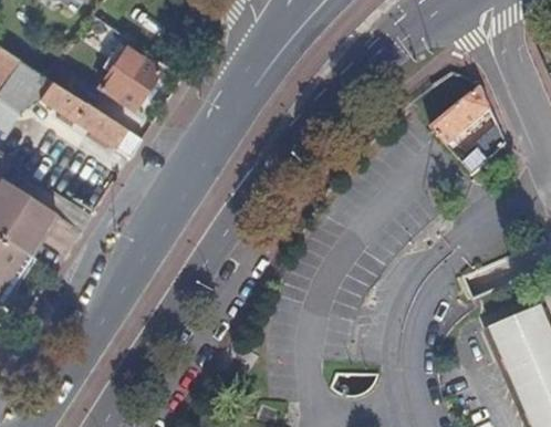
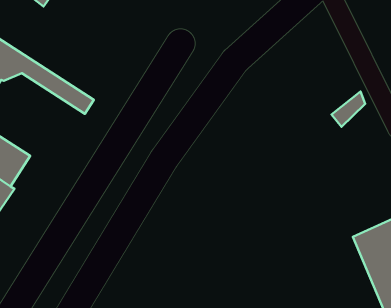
building: [98,46,158,107] -> none
building: [433,87,490,145] -> none

